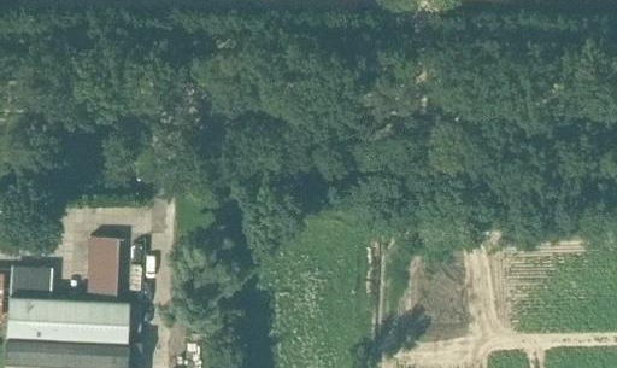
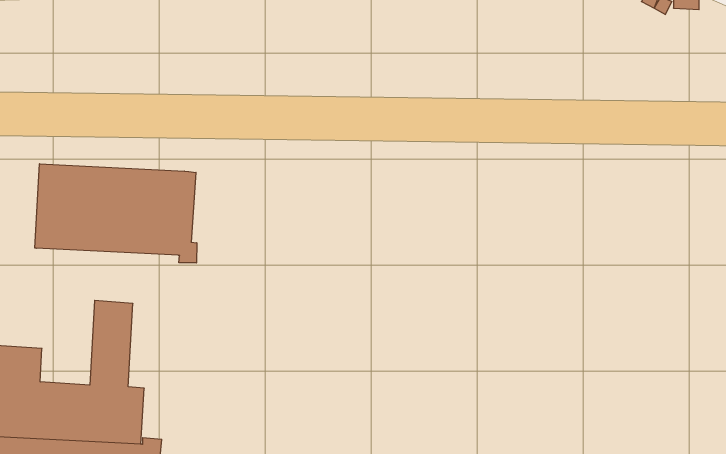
building: none -> [35,164,197,263]

